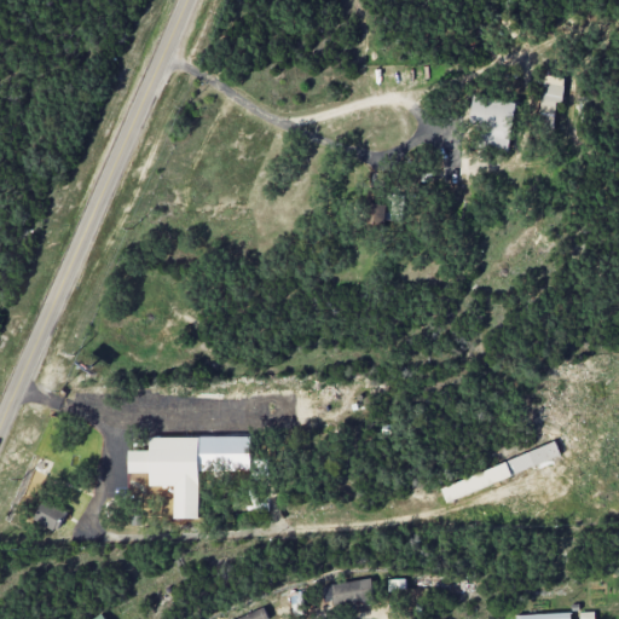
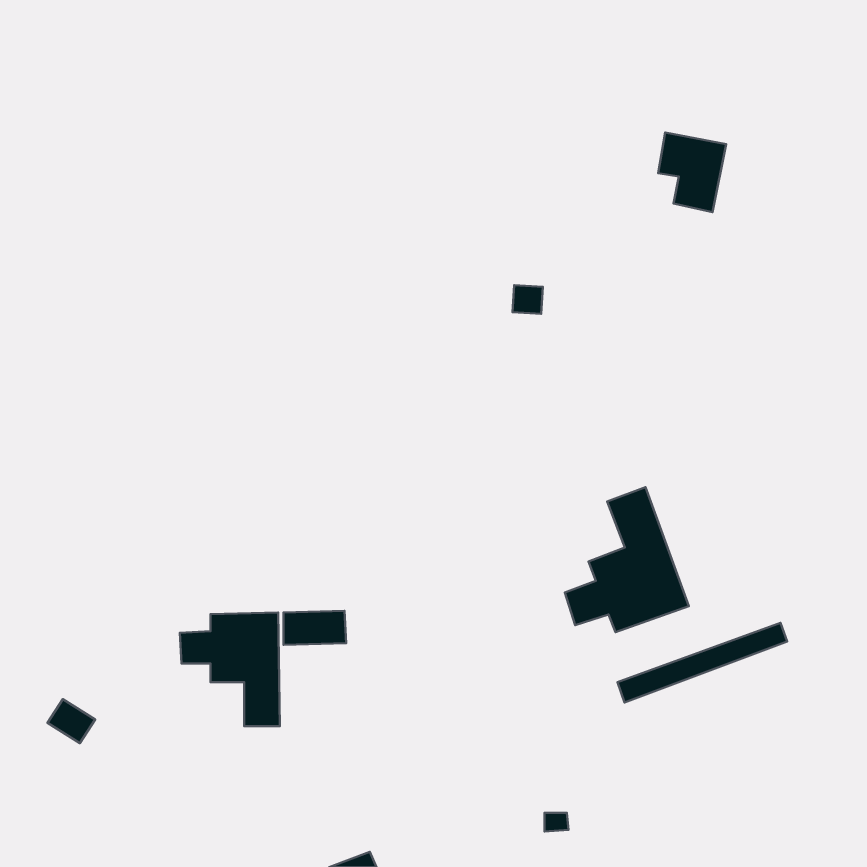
building: [540,76,561,122] -> none
building: none -> [565,487,689,632]
building: [331,579,374,604] -> none

